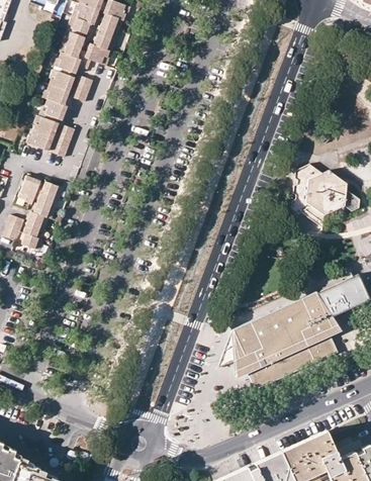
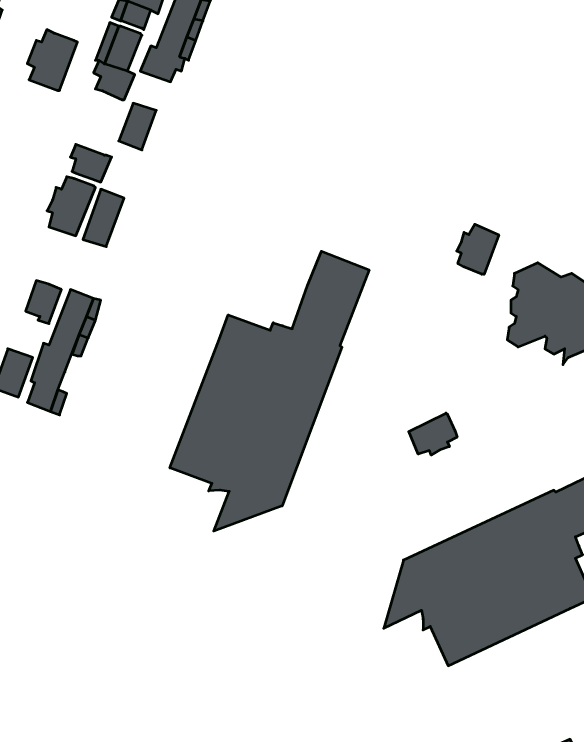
building: [45,70,74,104] -> [27,30,77,90]
building: none -> [457,224,499,274]
building: none -> [170,251,369,531]
building: none -> [409,413,457,455]

